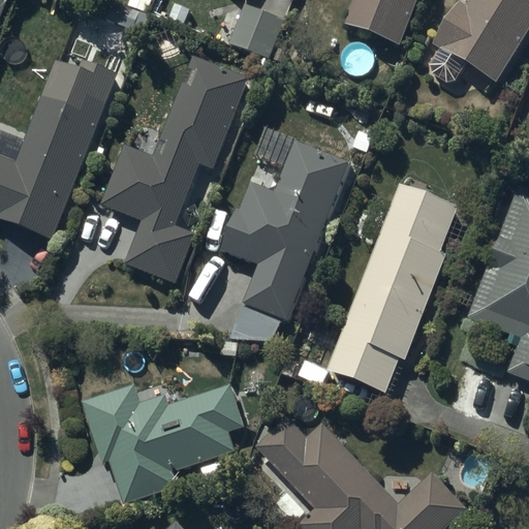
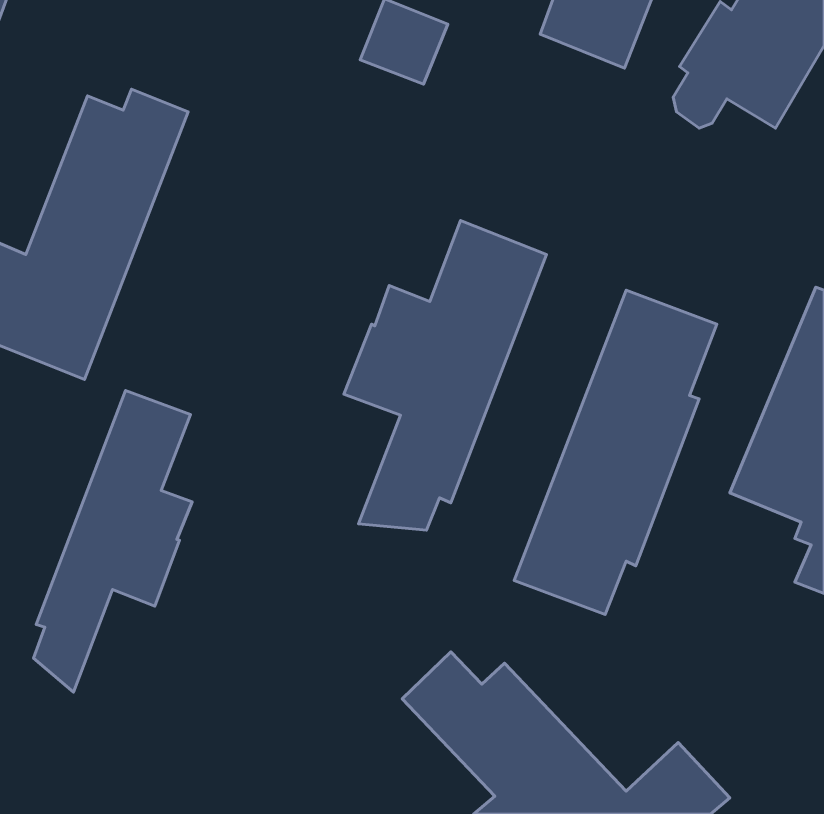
building: [100,55,248,283] -> none
building: none -> [33,390,192,692]
building: [84,384,242,503] -> none

